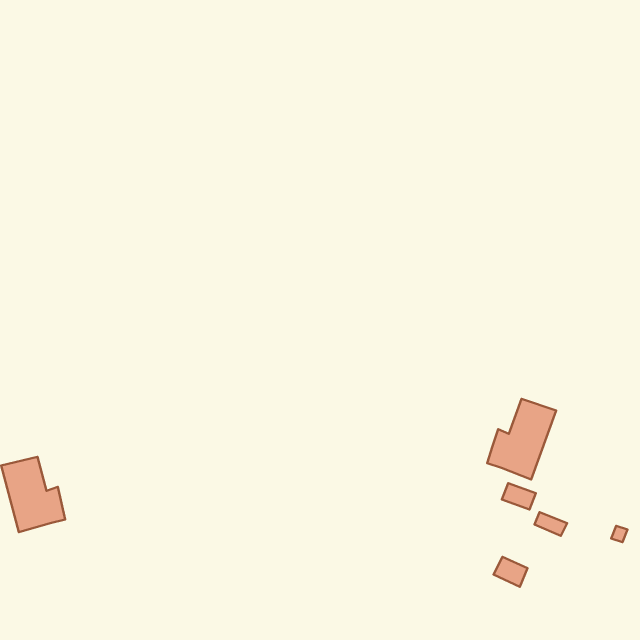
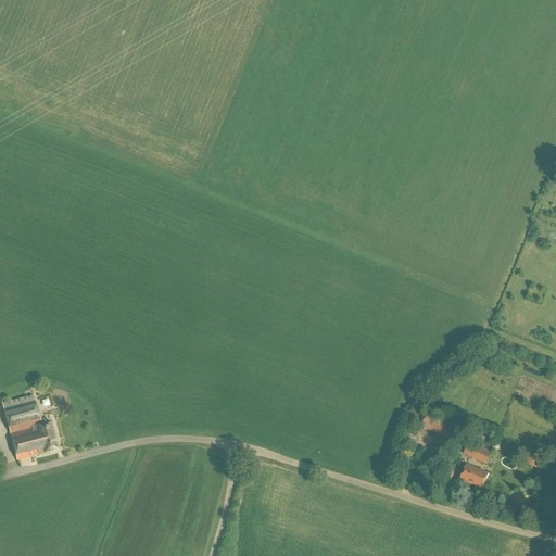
building: [487,399,556,479] -> none
building: [494,557,527,587] -> [458,464,488,490]

